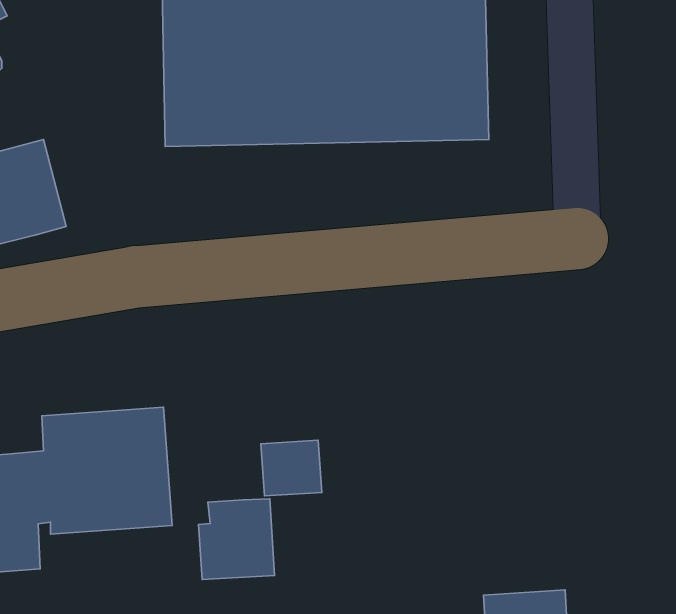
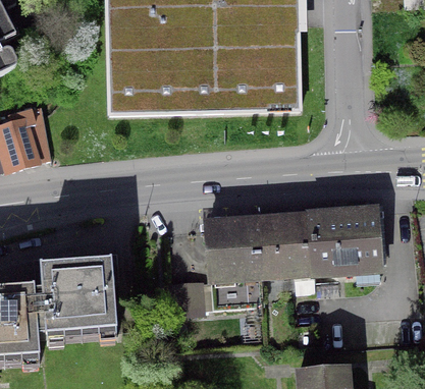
building: none -> [205,209,377,307]
building: [198,499,275,579] -> none

